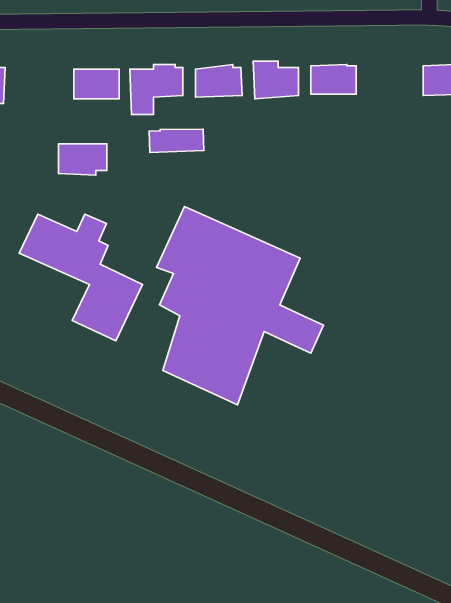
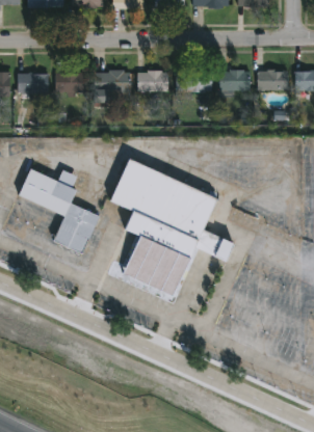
building: none -> [256,70,286,89]
building: [149,129,204,152] -> none
building: [58,144,107,175] -> [22,73,54,93]

